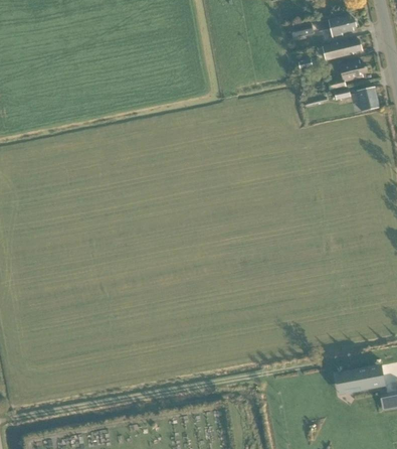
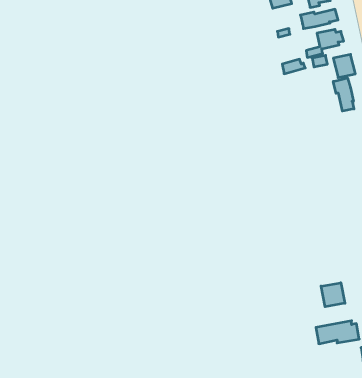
building: none -> [333,78,354,111]
building: none -> [321,283,345,307]

